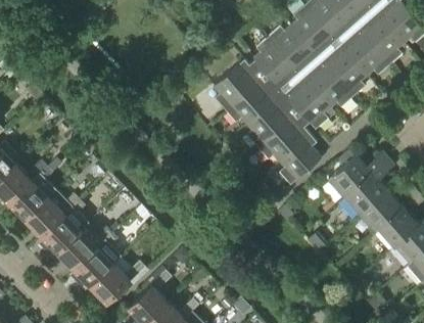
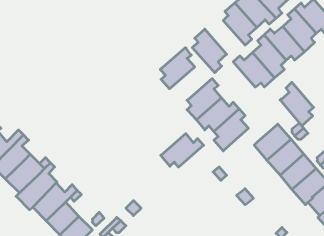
building: [268,27,317,67] -> none
building: [288,77,329,130] -> [280,82,314,126]
building: [225,83,277,124] -> [161,134,204,167]

